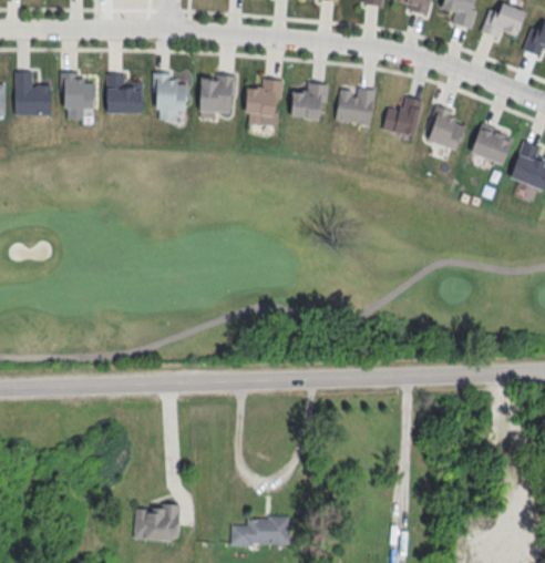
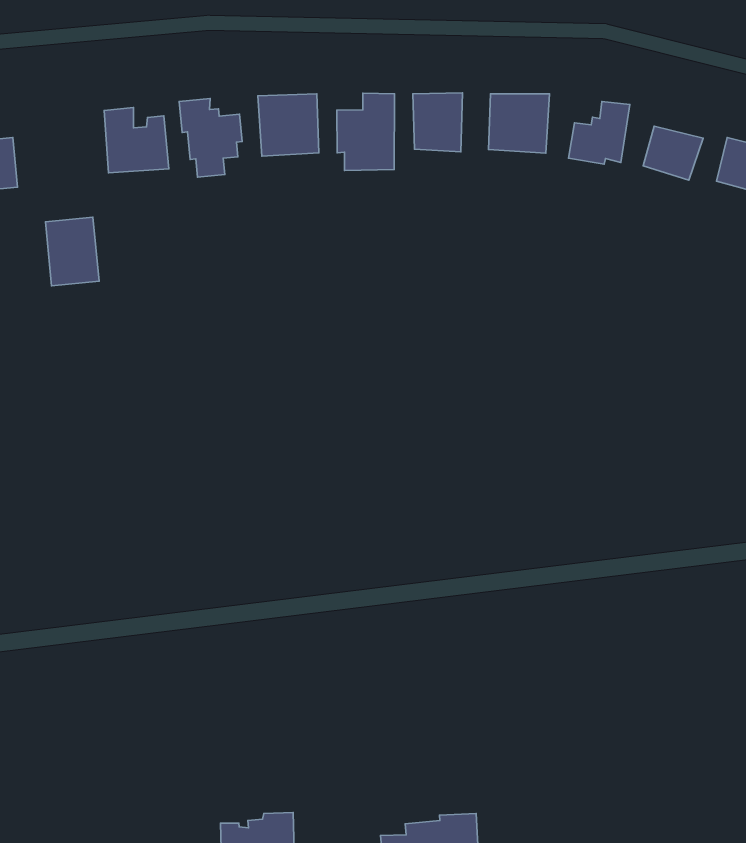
building: [66,82,95,121] -> [45,217,99,286]

